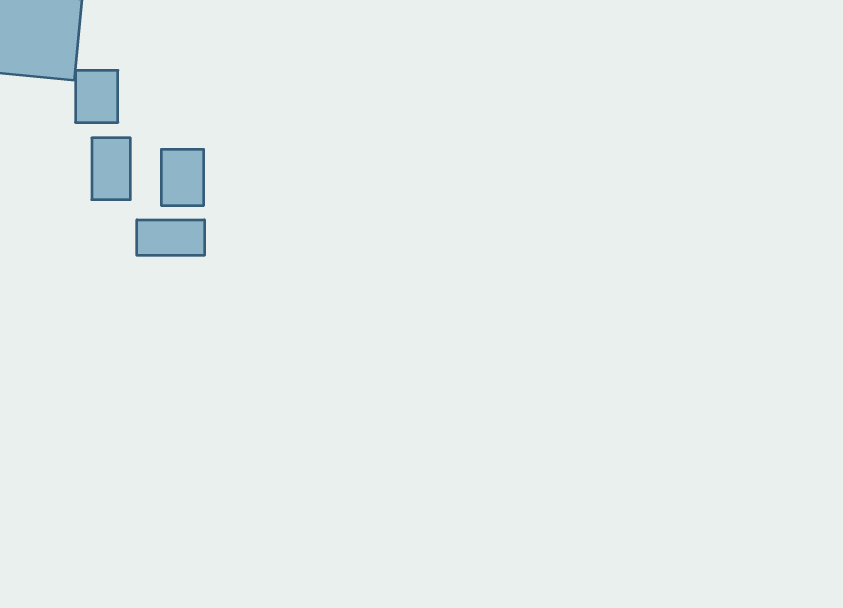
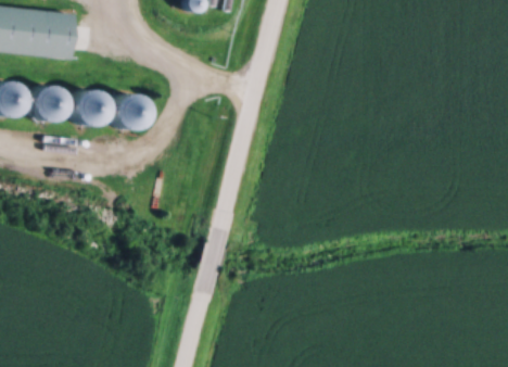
building: [75,70,118,122] -> [38,90,62,119]
building: [137,220,204,255] -> none

